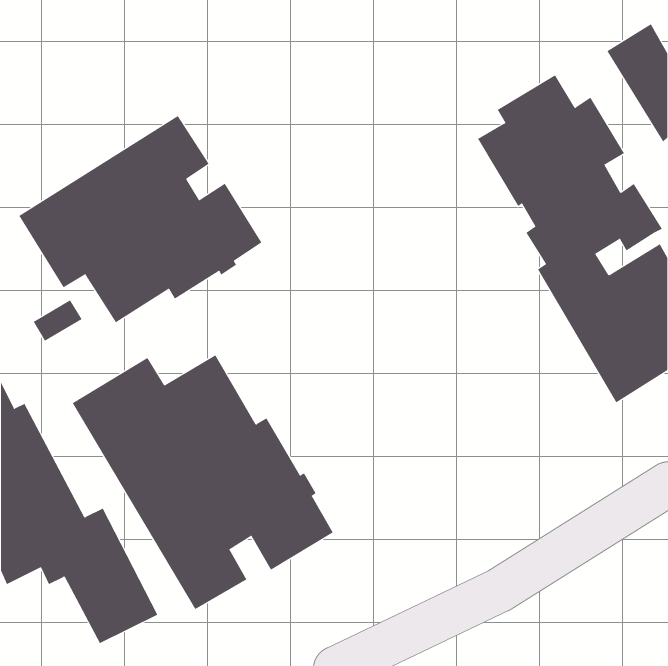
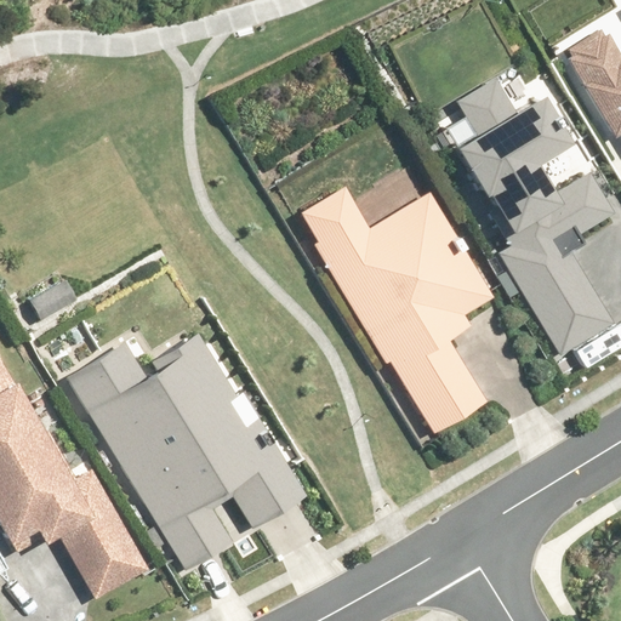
building: [19,115,262,323] -> none
building: none -> [302,184,497,439]

